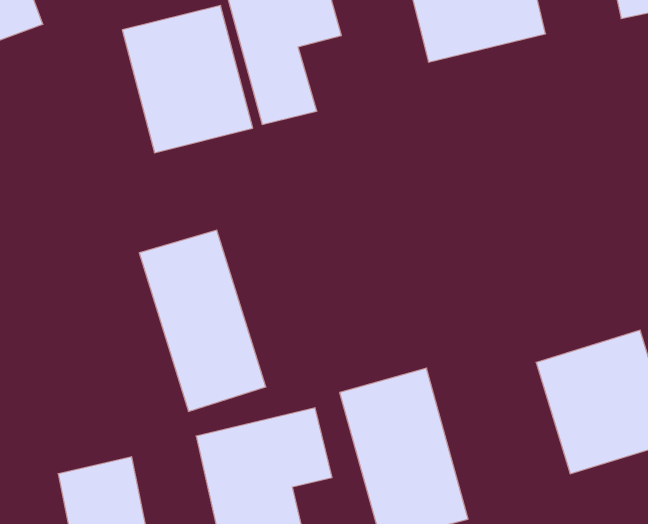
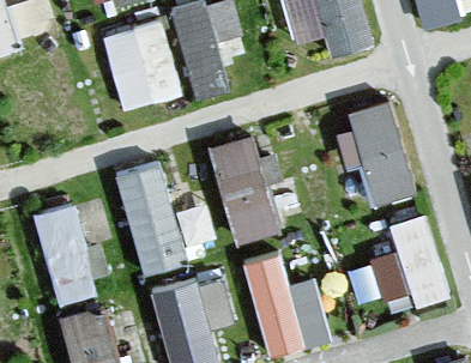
building: none -> [342,97,415,204]
building: none -> [203,132,284,247]
building: none -> [36,194,115,302]

